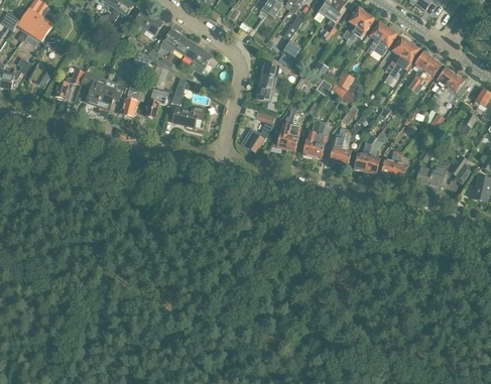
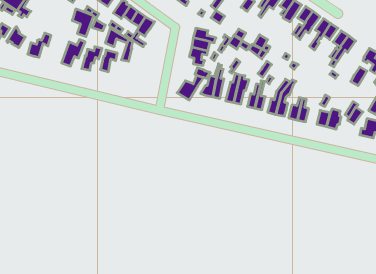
building: [80,72,106,106] -> [72,9,93,37]
building: [172,106,206,126] -> none

